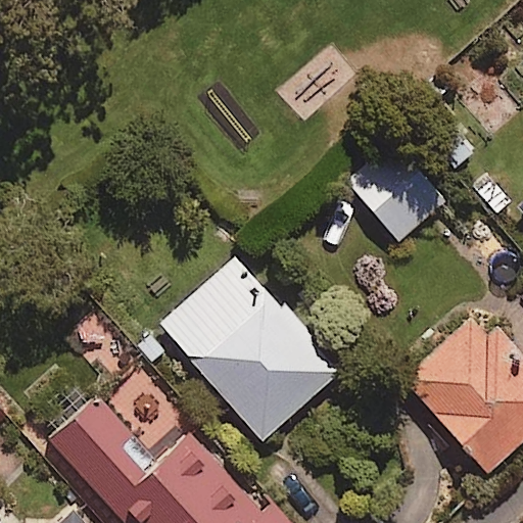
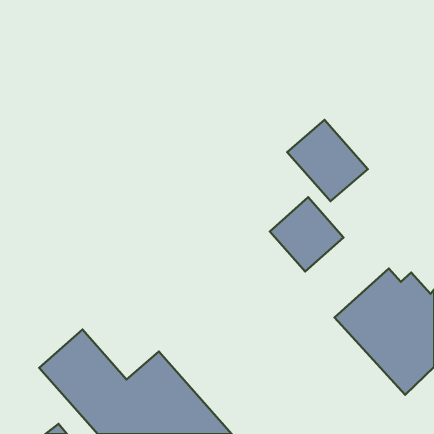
building: none -> [270,197,344,272]
building: [159,258,338,441] -> none

